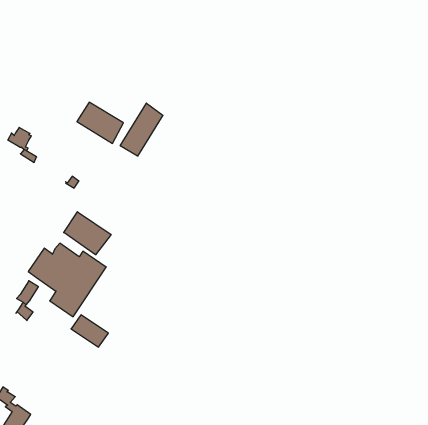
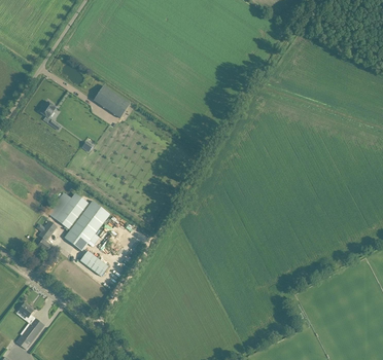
building: [120,103,163,156] -> none
building: [64,212,111,255] -> none

